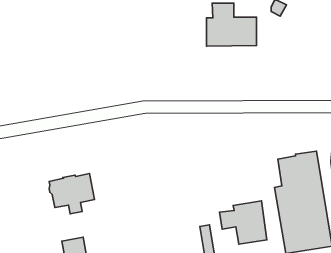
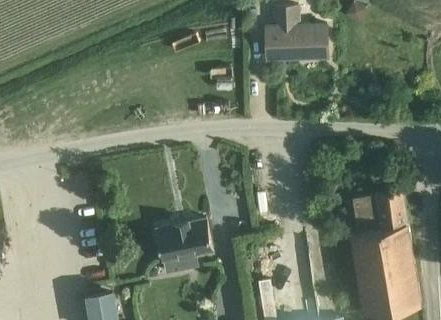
building: [49,173,94,214] -> [155,220,211,270]
building: [220,201,267,244] -> none

